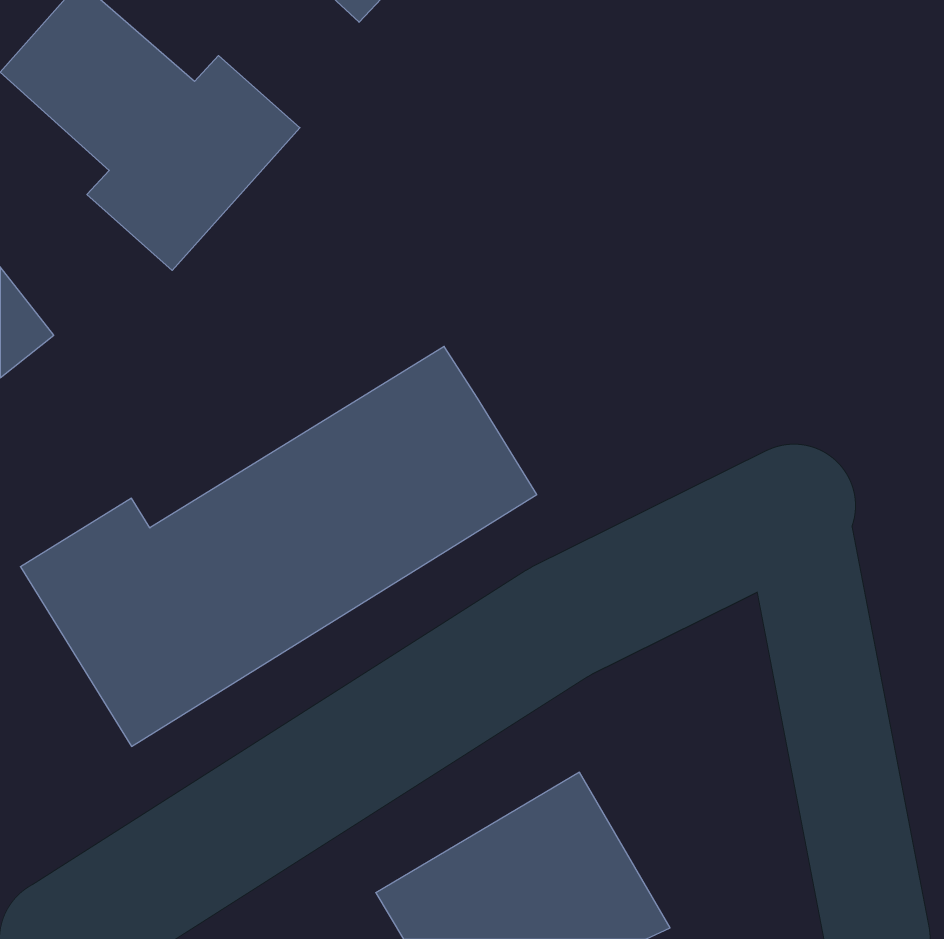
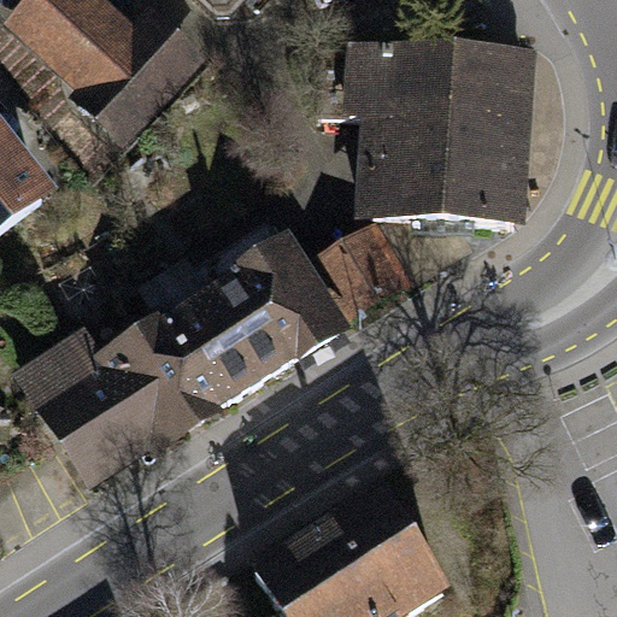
building: none -> [347,39,535,219]
building: none -> [312,219,415,322]

